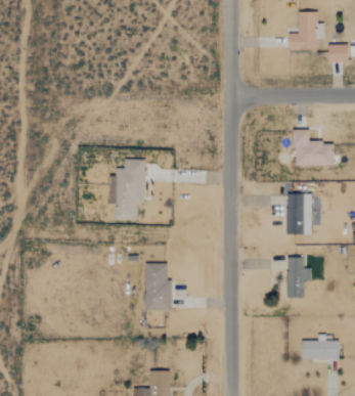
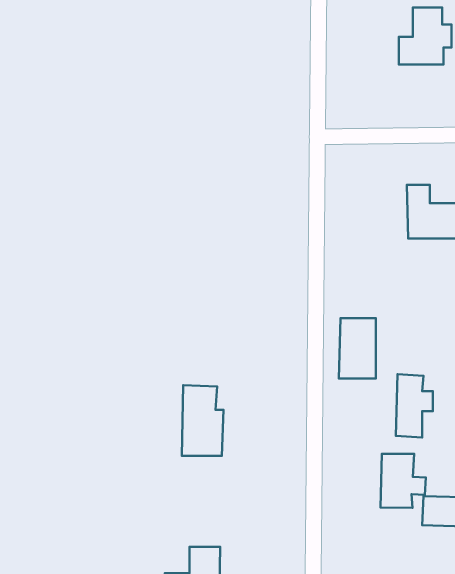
building: [116,160,145,220] -> none
building: [286,194,311,234] -> [339,318,376,378]
building: none -> [380,454,426,508]

